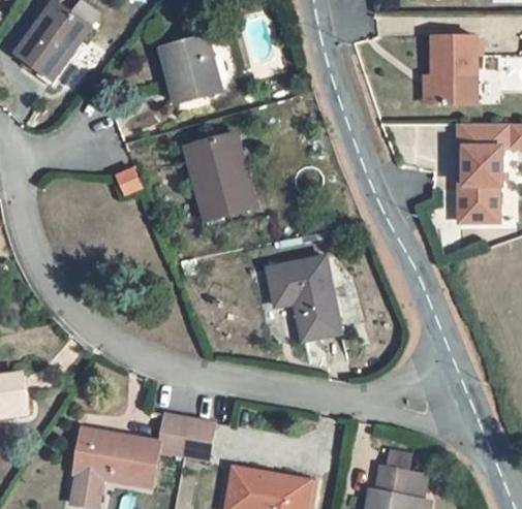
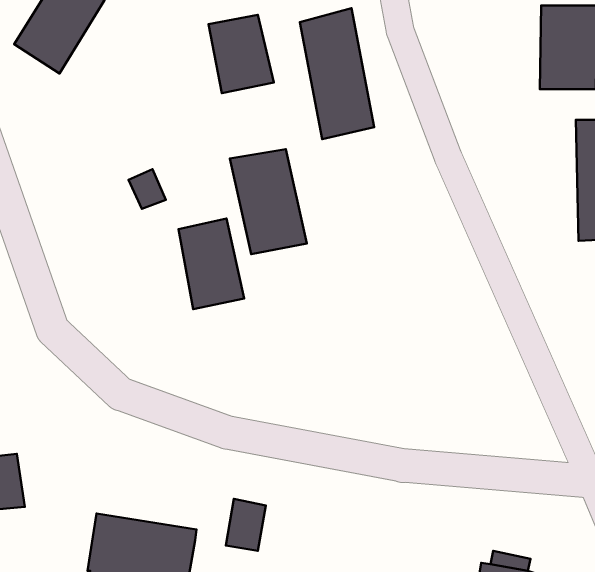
building: none -> [300,8,374,139]
building: none -> [178,218,244,309]
building: [266,260,341,339] -> none
building: [160,410,190,451] -> none

